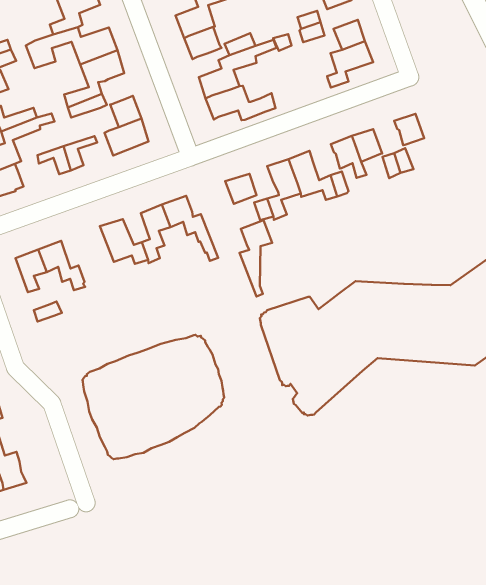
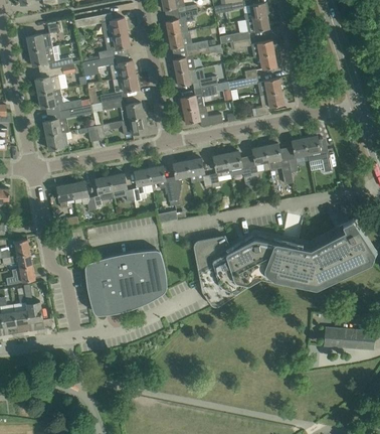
building: none -> [304,136,331,172]
building: [239,220,272,297] -> [169,161,189,205]
building: none -> [92,176,114,207]

